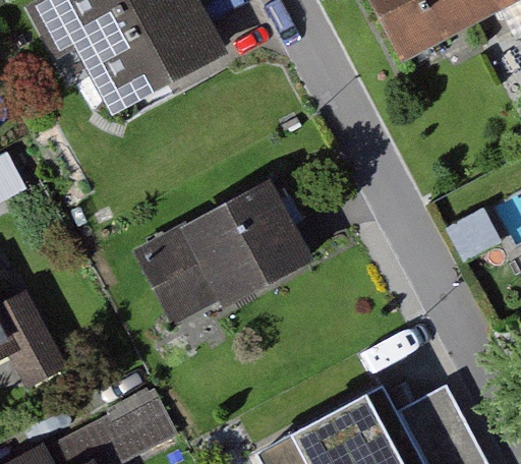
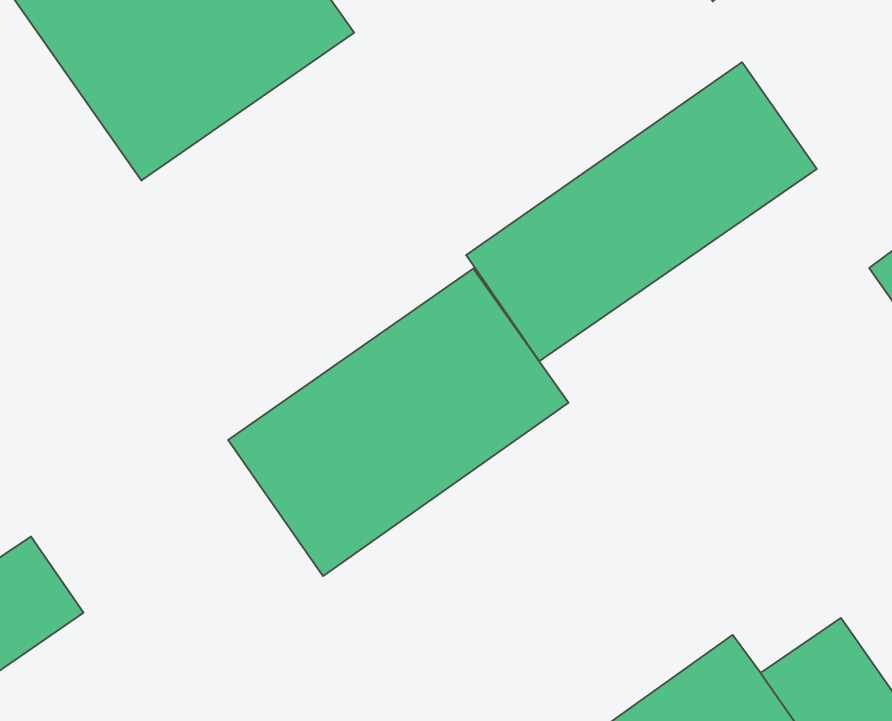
building: none -> [466,62,817,361]

